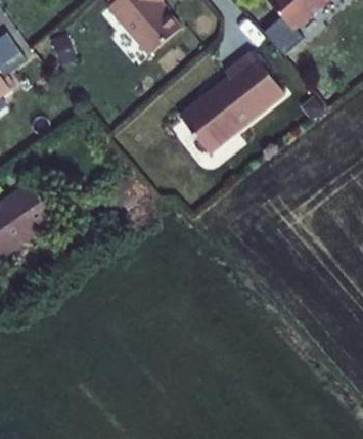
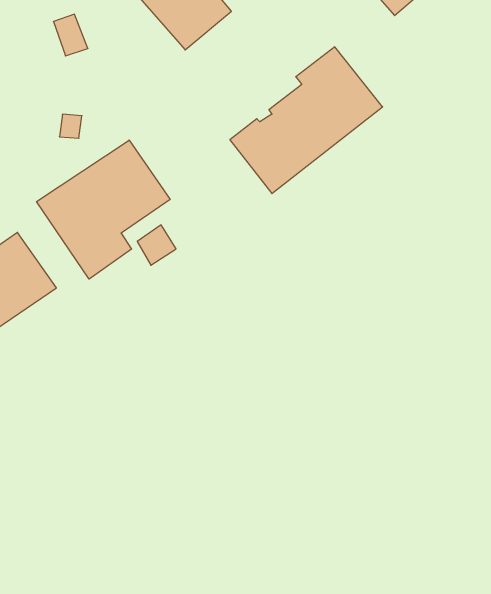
building: none -> [37,140,170,279]

